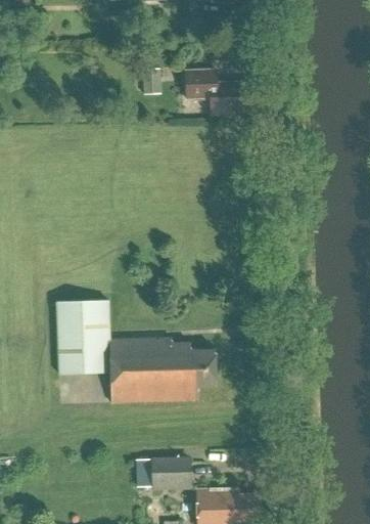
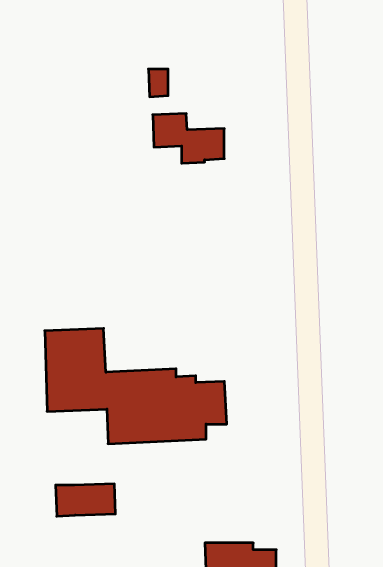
building: [186,70,249,114] -> [153,114,224,163]
building: [138,458,191,487] -> [56,484,115,516]

